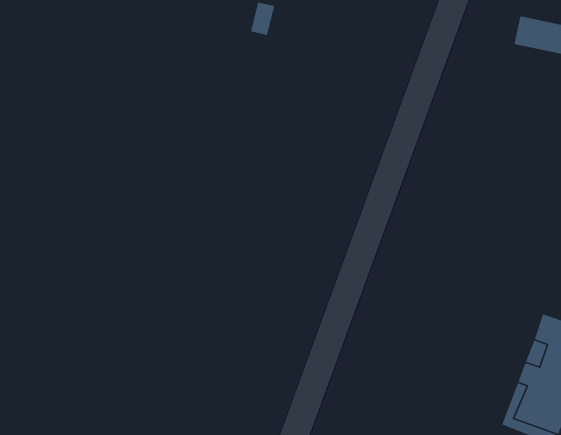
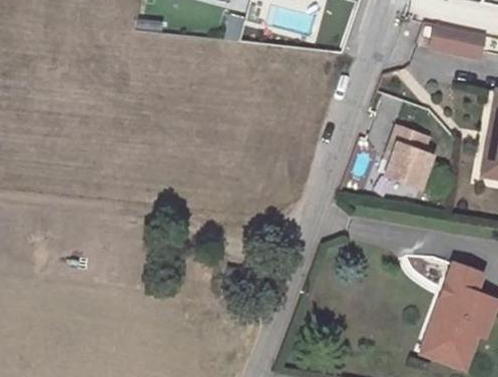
building: none -> [375,123,433,192]

